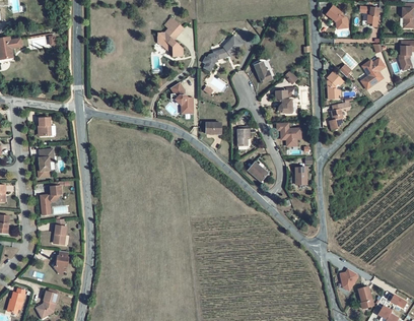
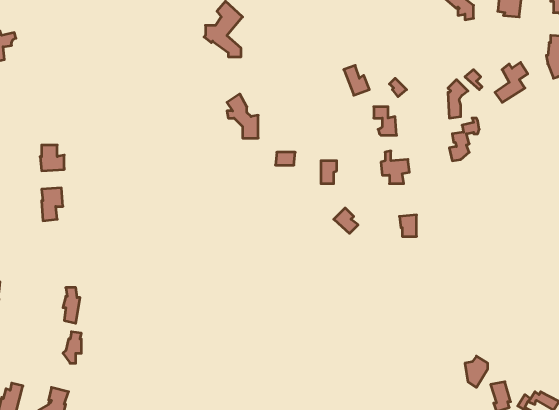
building: [202,36,240,70] -> none
building: [41,180,63,214] -> none

